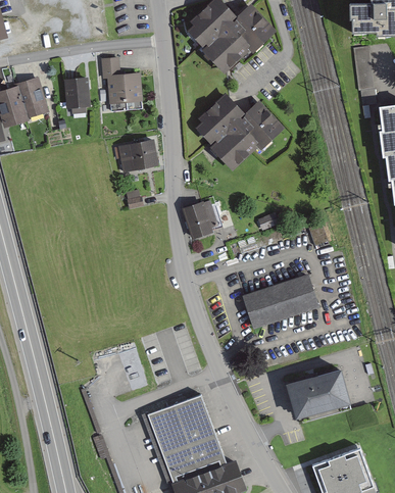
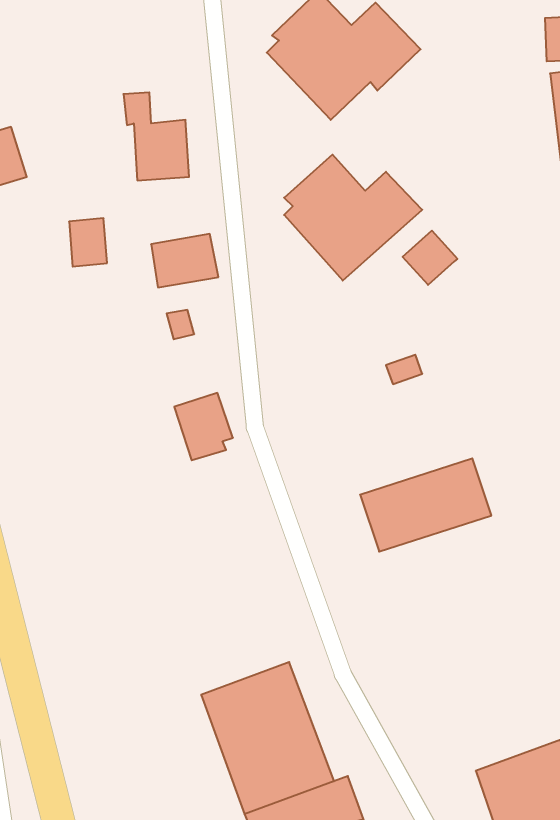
building: [65,78,88,106] -> [69,218,107,267]
building: none -> [403,231,457,285]
building: [183,201,217,241] -> [174,393,233,460]
building: [285,372,349,423] -> none

